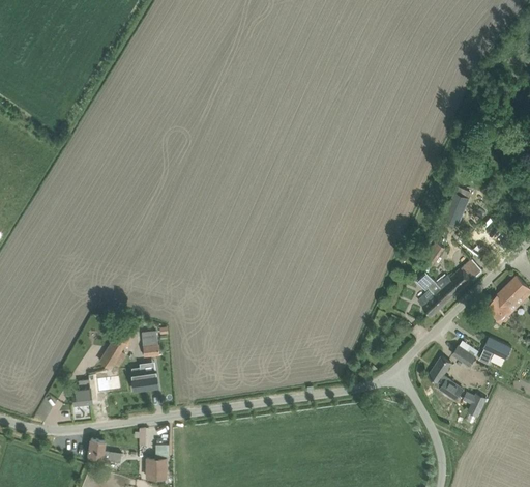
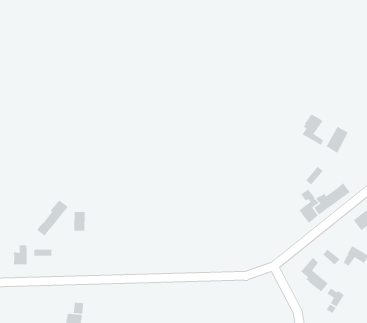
building: none -> [301,114,324,146]
building: [130,368,157,391] -> none
building: [88,438,121,462] -> none

